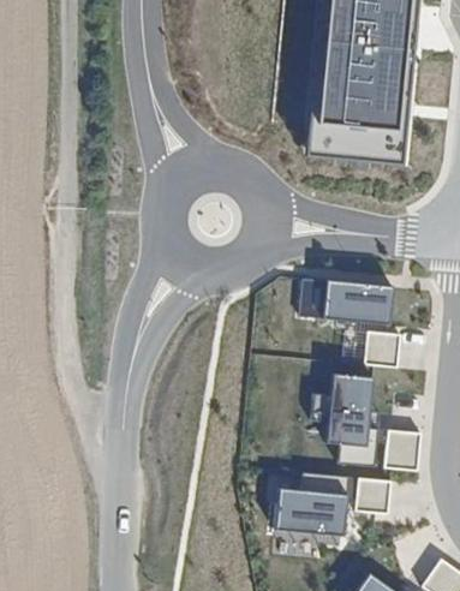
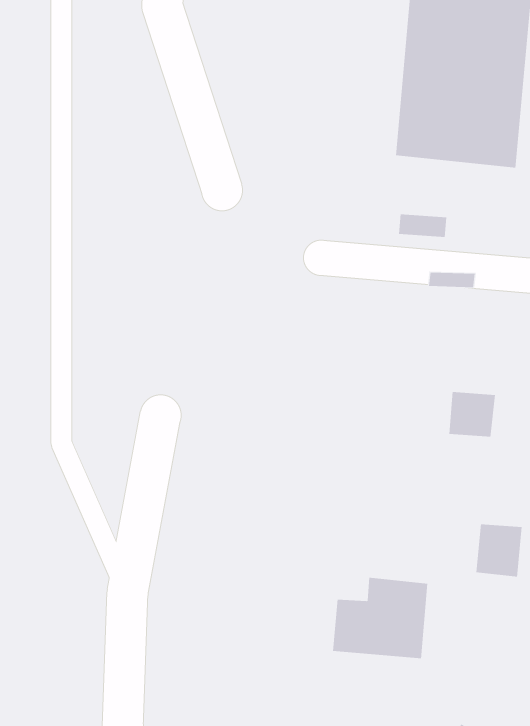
building: [321,279,392,322] -> none
building: [309,374,376,466] -> none
building: [352,474,388,511] -> none

